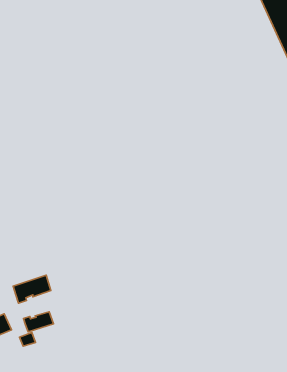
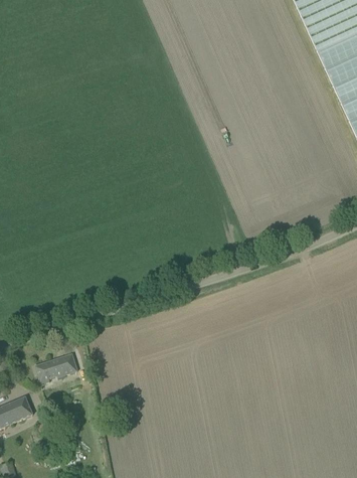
building: [24,312,53,332] -> none

